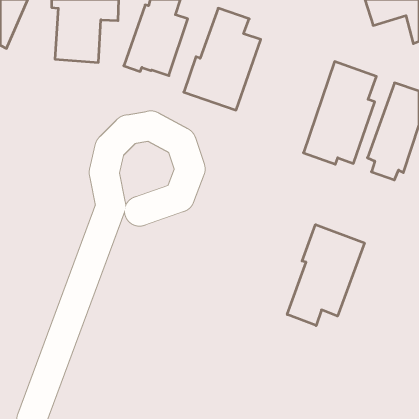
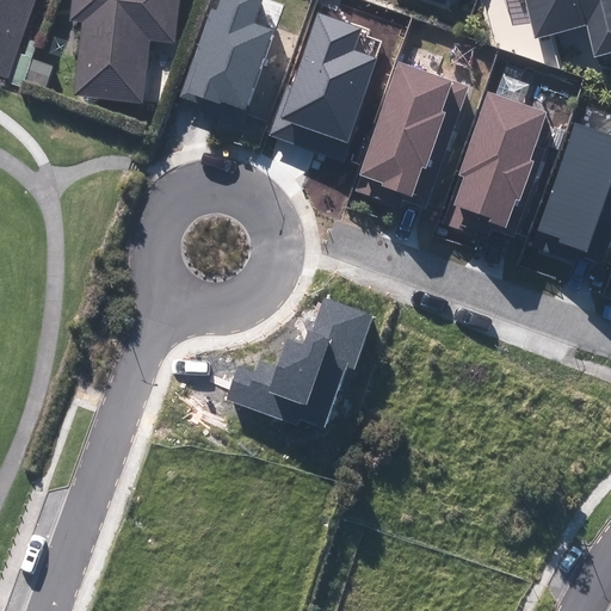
building: none -> [354,60,469,206]
building: none -> [228,298,374,426]
building: [287,225,364,326] -> none

